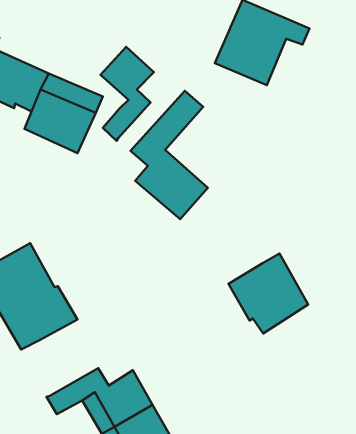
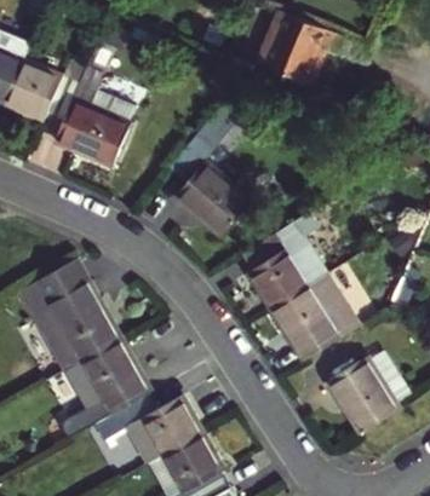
building: [101,47,154,141] -> none
building: none -> [245,212,326,305]
building: none -> [57,342,142,422]
building: none -> [327,358,399,434]

